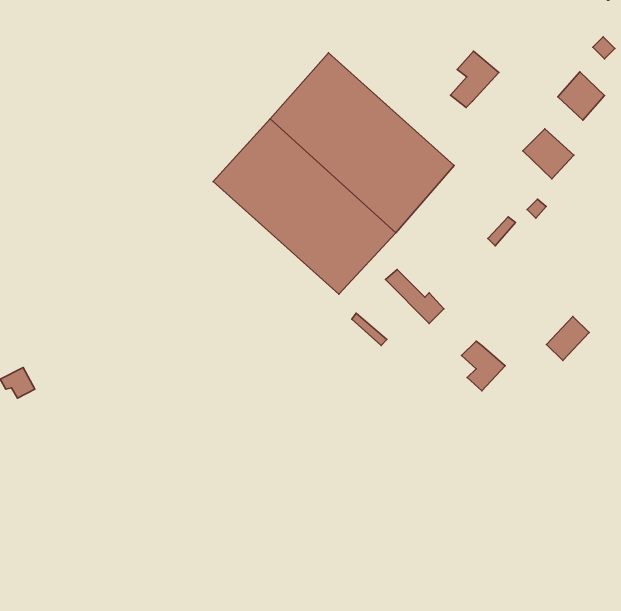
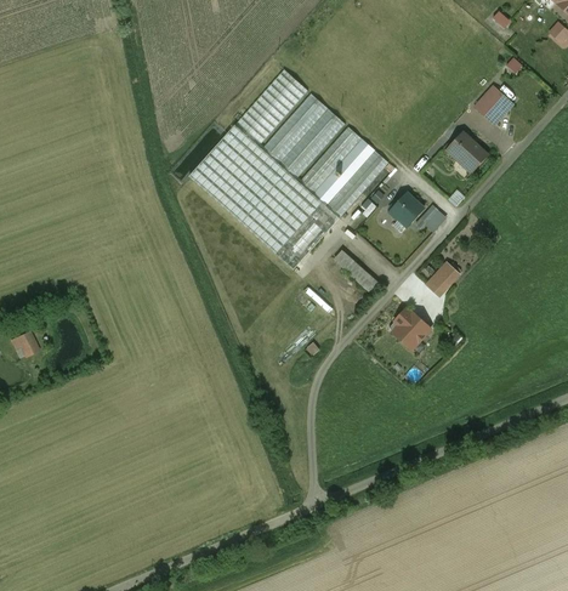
building: [450,51,499,108] -> none
building: none -> [390,192,424,226]
building: [547,317,589,360] -> [426,260,461,296]

